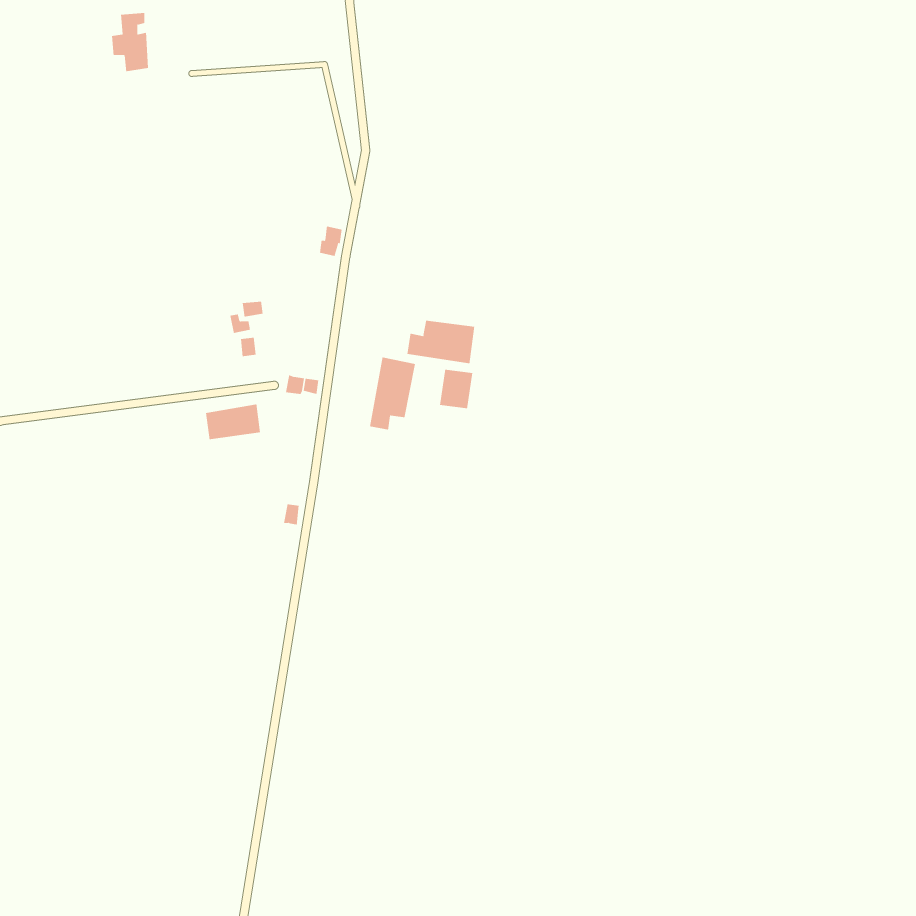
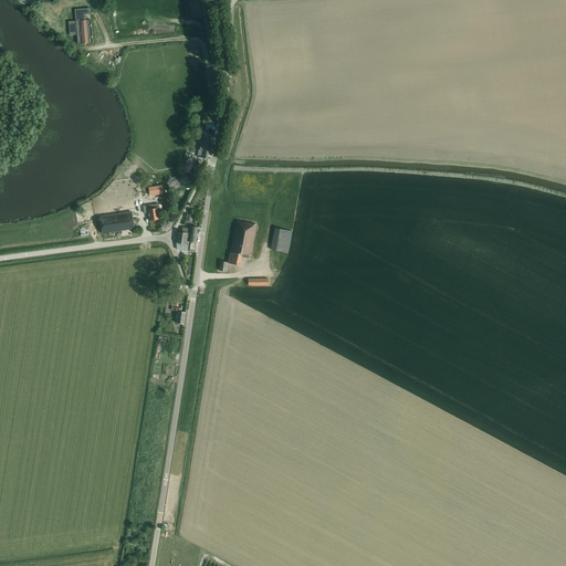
building: [407,320,475,364] -> none
building: [205,404,261,440] -> [99,211,134,233]

